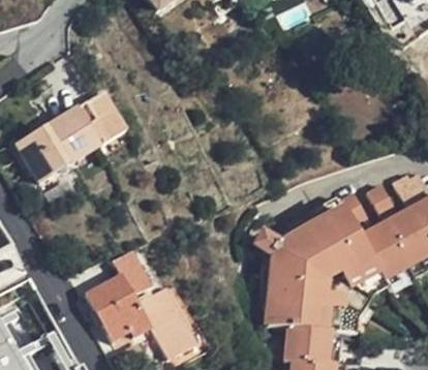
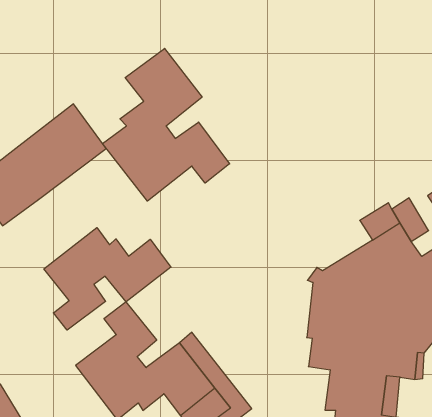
building: none -> [103,48,230,201]
building: none -> [44,228,171,330]

